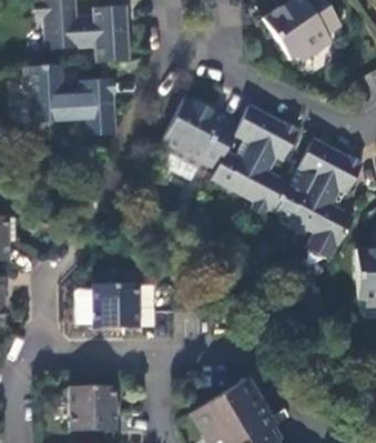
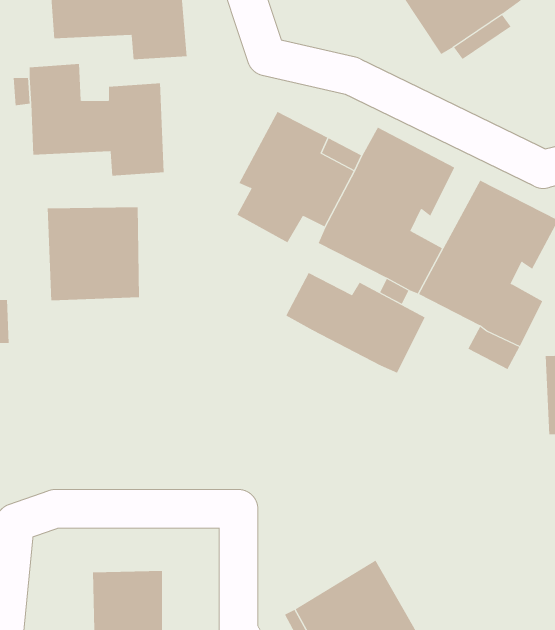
building: none -> [47,207,140,301]
building: none -> [286,272,426,374]
building: [75,283,139,330] -> none

